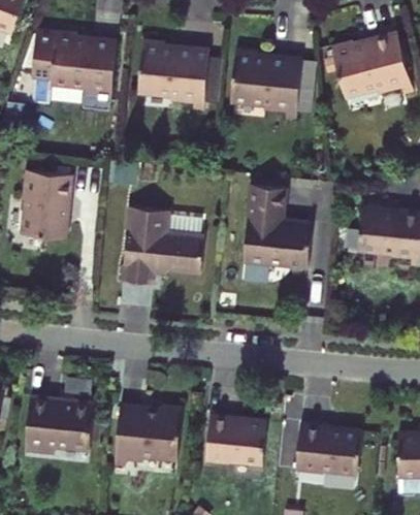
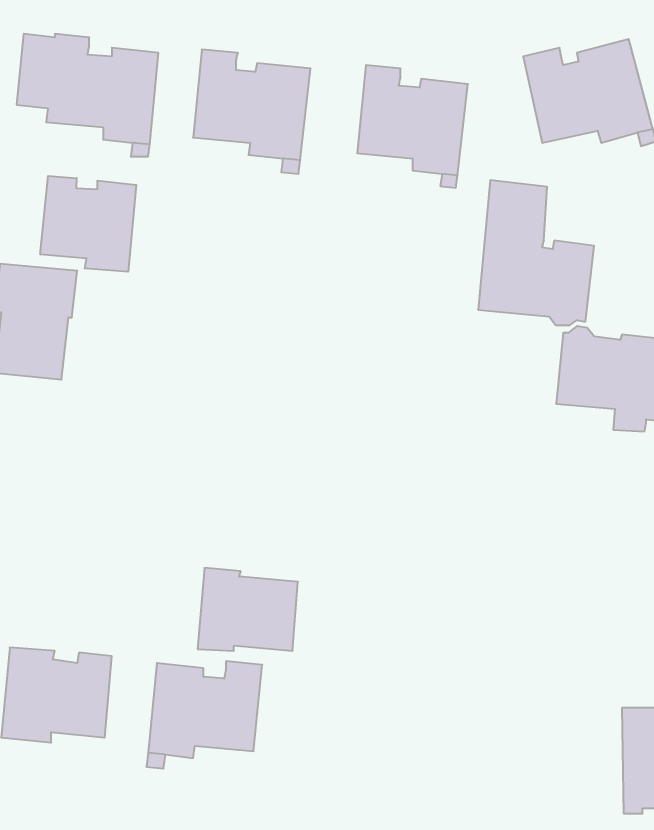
building: none -> [40,176,136,272]
building: [243,183,312,269] -> [478,180,594,325]
building: [126,204,206,280] -> none
building: [203,417,263,466] -> [198,568,298,651]
building: [295,423,359,474] -> none

